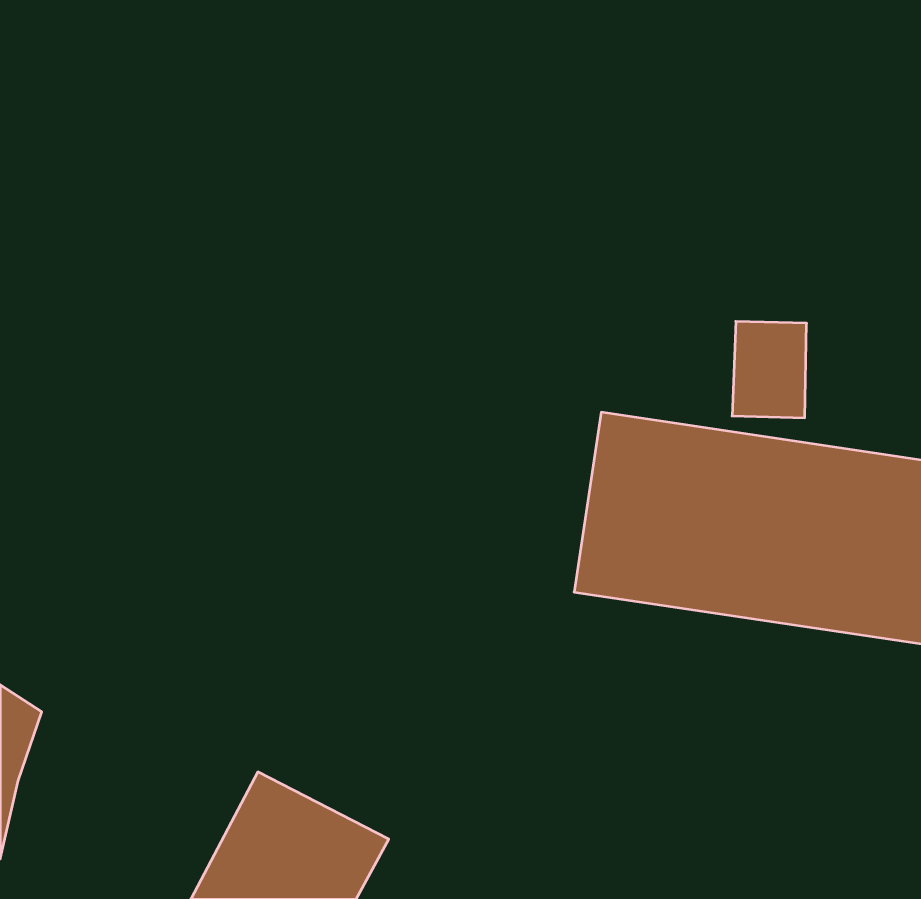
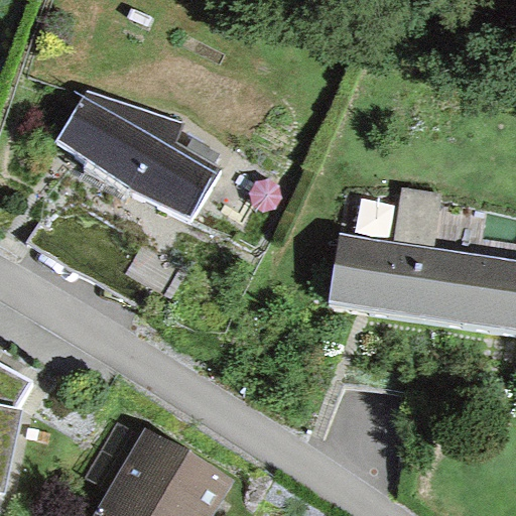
building: none -> [52,94,215,234]

